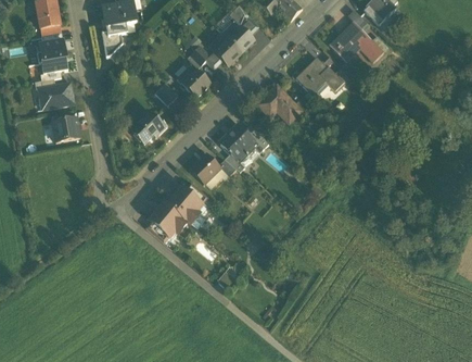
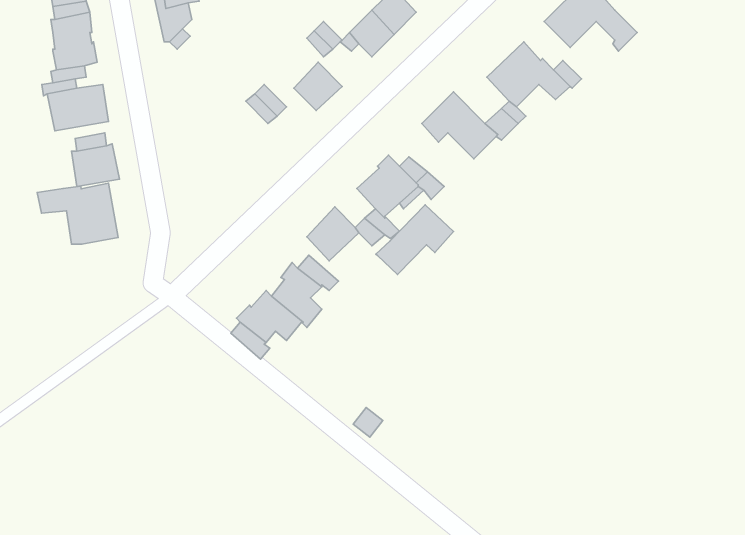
building: [133,113,167,142] -> none
building: none -> [37,183,118,244]
building: none -> [376,205,454,275]

